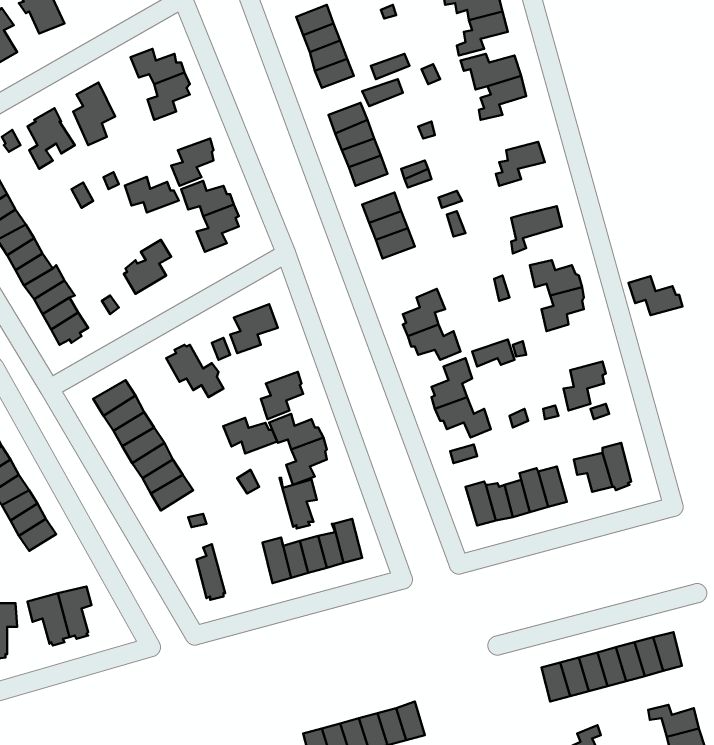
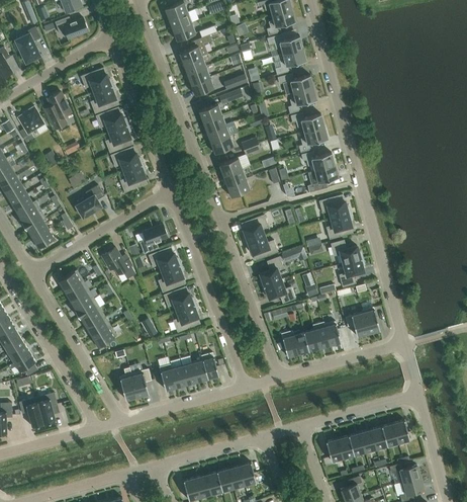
building: none -> [290,112,323,132]
building: [125,177,179,212] -> [95,110,127,132]
building: none -> [300,152,335,170]
building: [629,276,683,315] -> [330,240,362,263]
building: [223,418,277,453] -> [148,250,180,271]
building: [280,478,317,529] -> [128,367,151,398]

